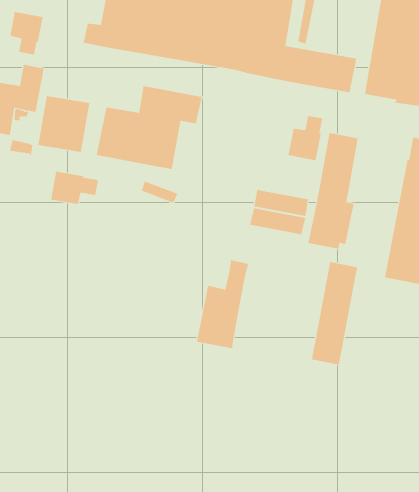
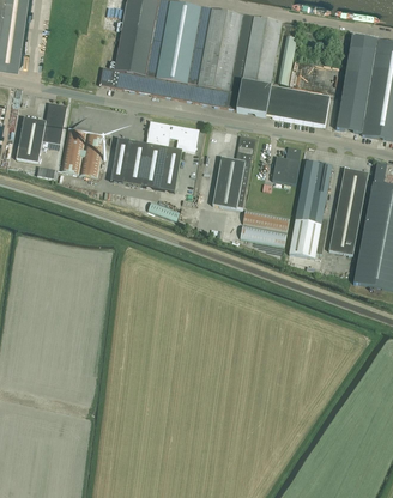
building: [10,11,43,55] -> none
building: [51,171,98,205] -> none
building: [196,259,249,349] -> [211,134,255,209]
building: [311,262,358,365] -> [328,166,368,254]

